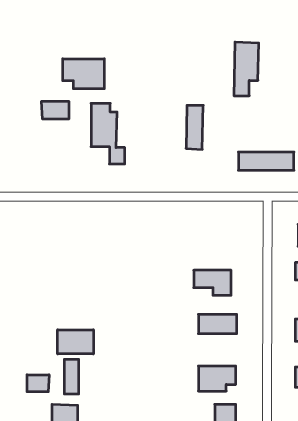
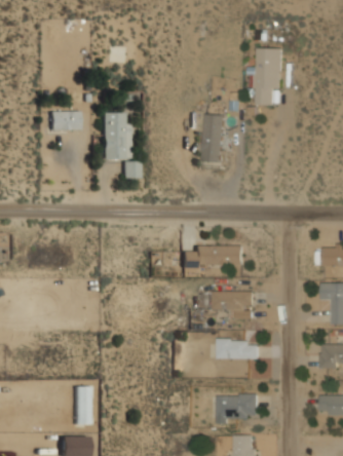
building: [63,59,104,89] -> none
building: [238,152,294,170] -> [182,246,241,266]
building: [58,330,93,354] -> none
building: [27,375,49,392] -> none

